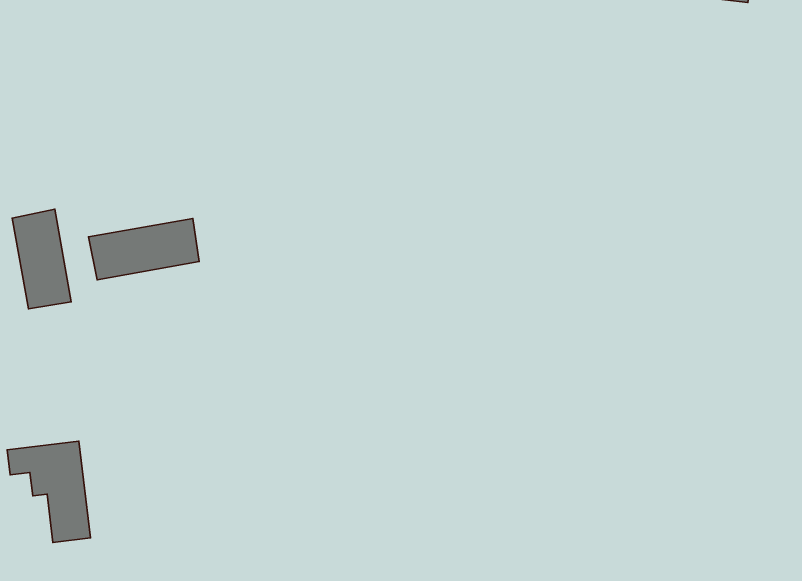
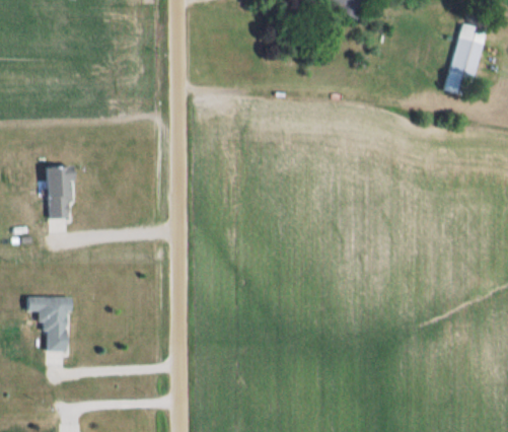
building: [89,218,199,280] -> none

